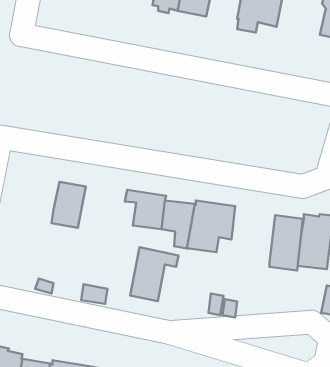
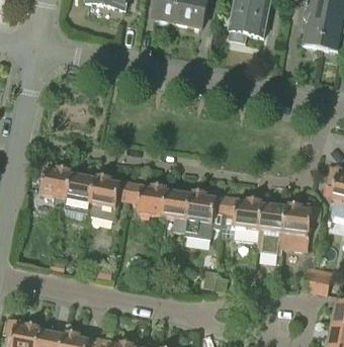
building: none -> [36,161,72,210]
building: none -> [224,195,262,245]
building: [130,247,179,301] -> [89,174,132,222]

